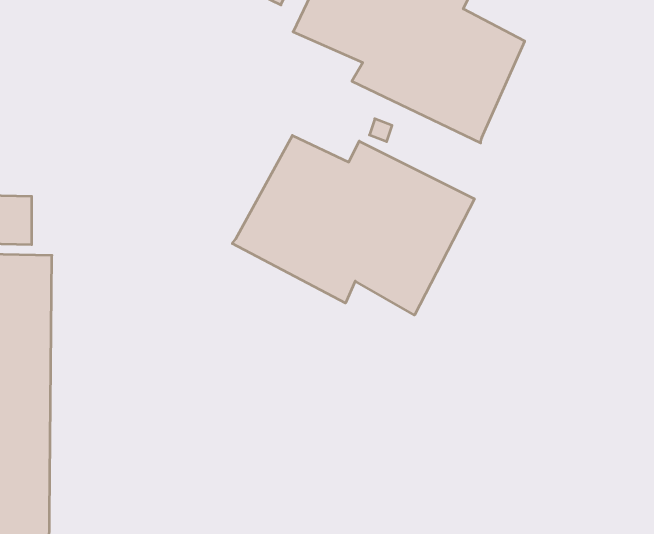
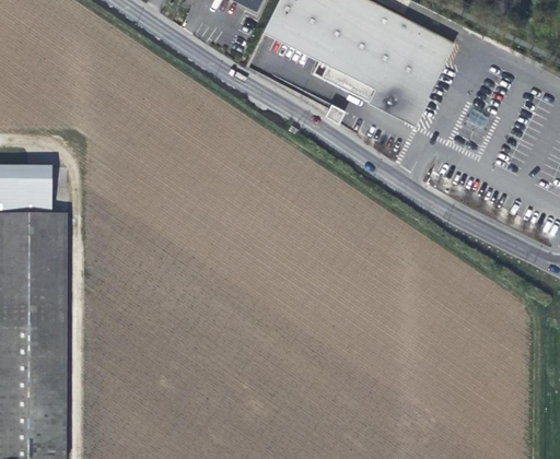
building: [232,135,474,315] -> none

